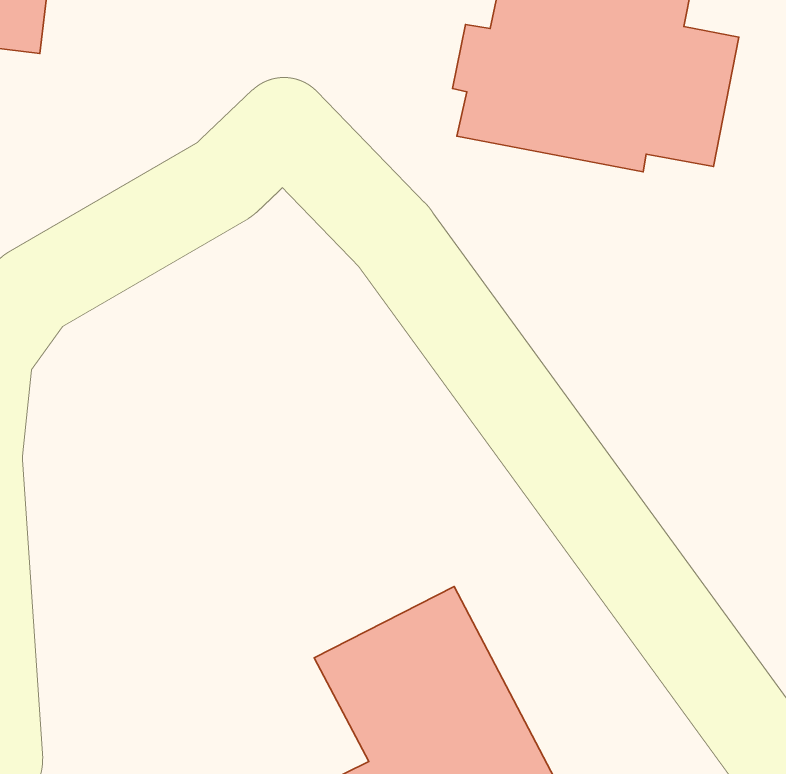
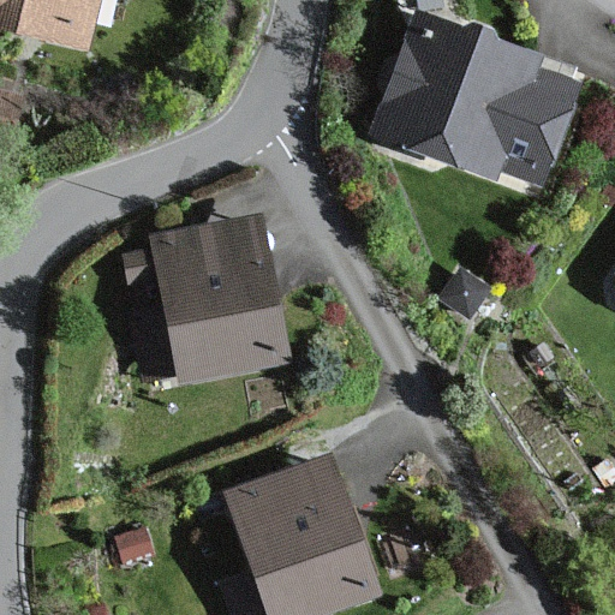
building: none -> [125,217,289,390]

